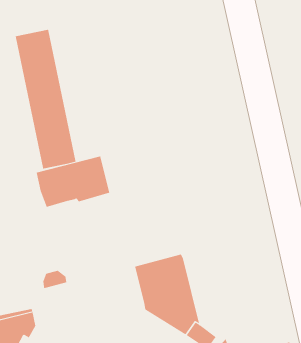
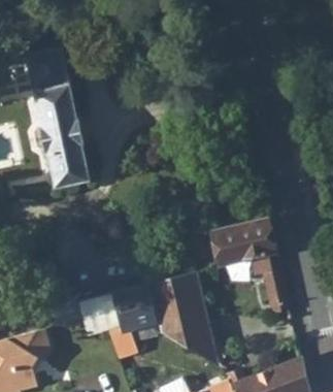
building: [36,156,110,207] -> [80,287,155,338]
building: none -> [211,219,288,313]

